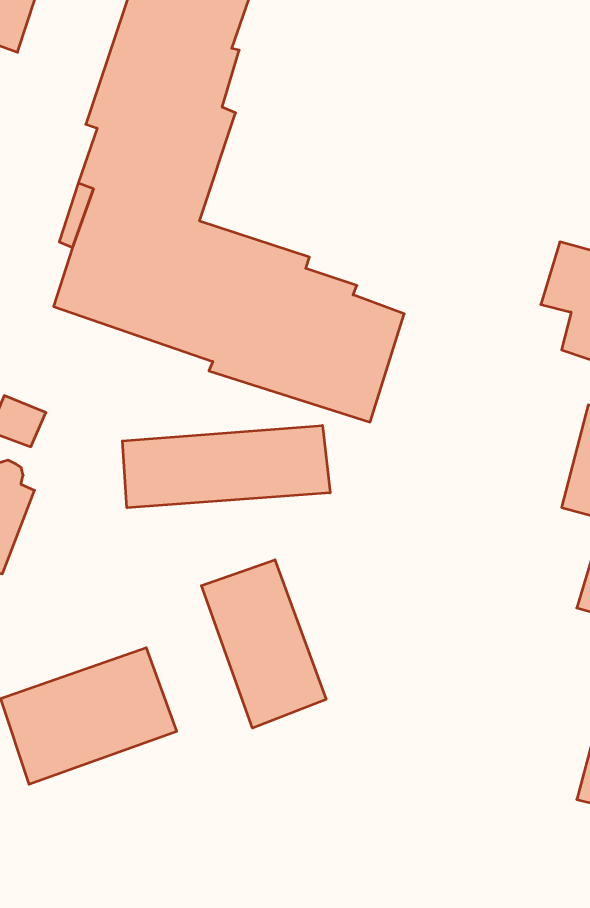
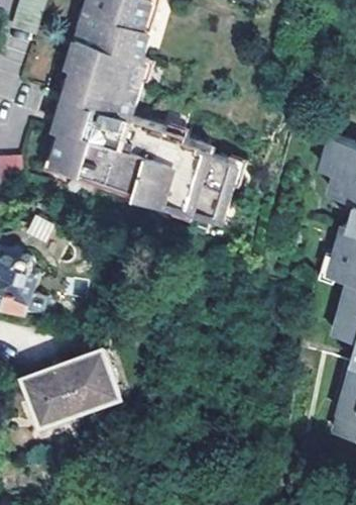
building: [122,425,330,508] -> none
building: [201,560,326,728] -> none

